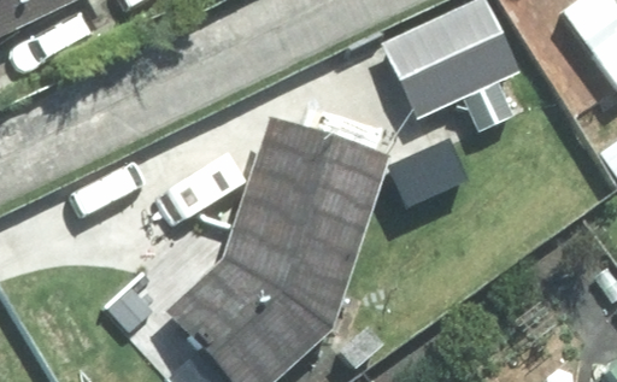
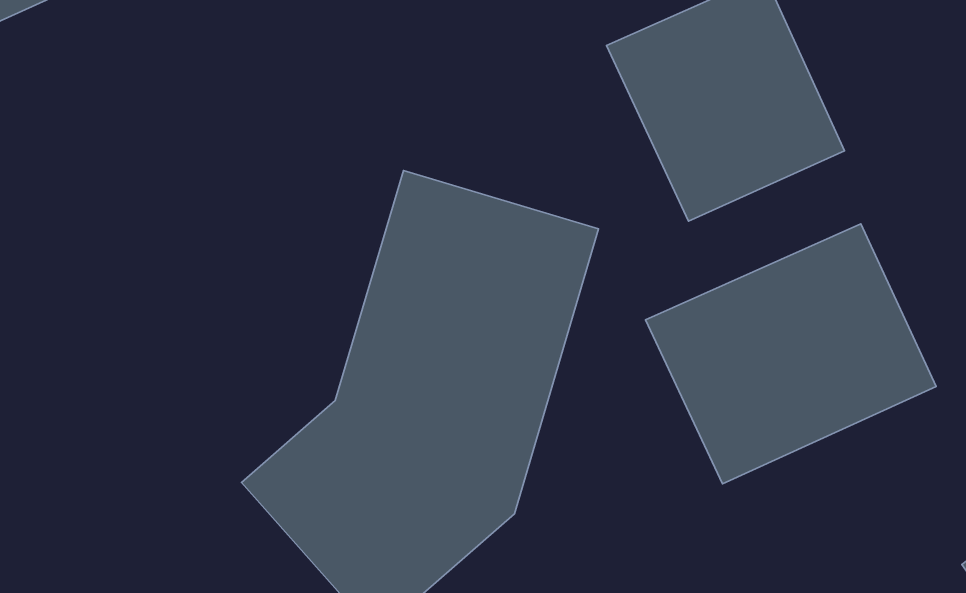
building: none -> [646,224,936,484]

